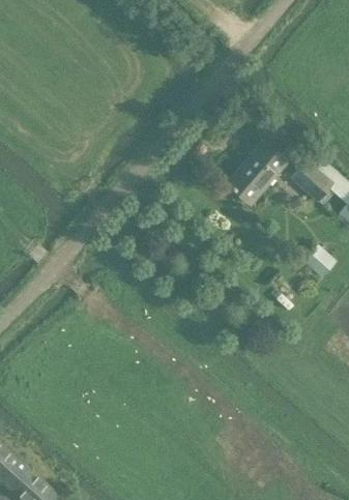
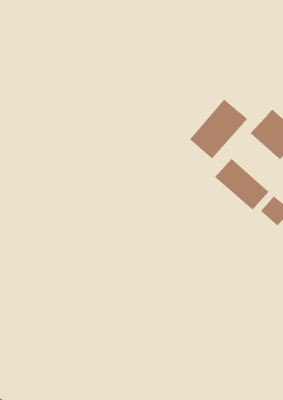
building: none -> [214,158,269,211]

